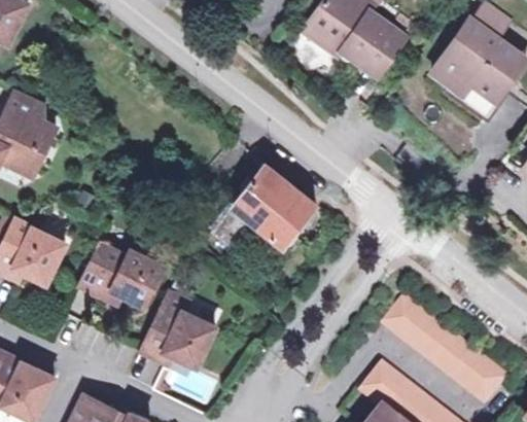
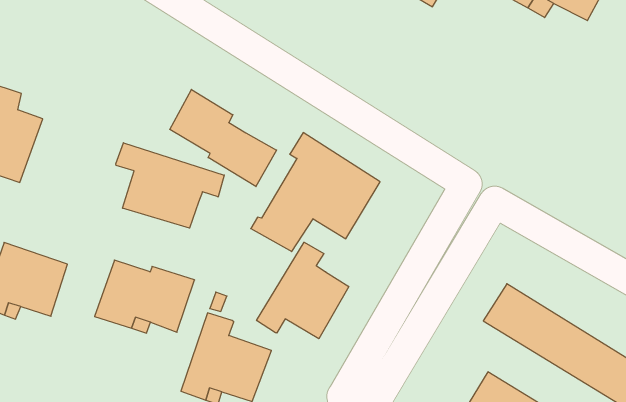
building: none -> [170,89,277,187]
building: none -> [116,143,224,228]
building: none -> [257,242,349,339]

